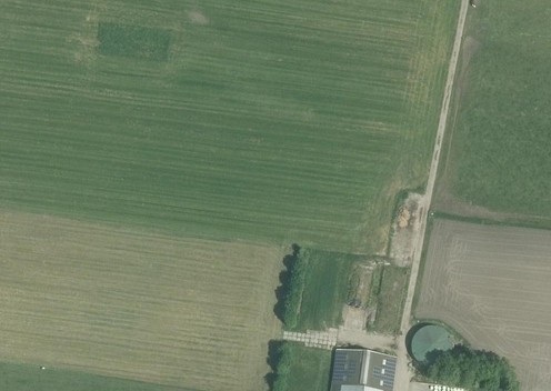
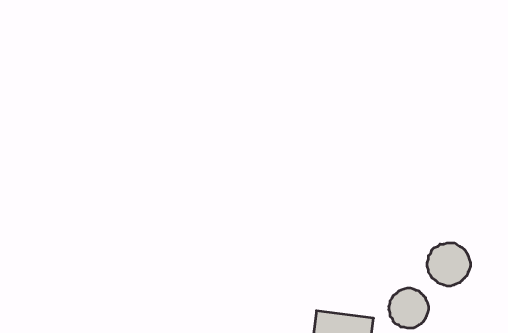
building: none -> [427,243,470,286]

